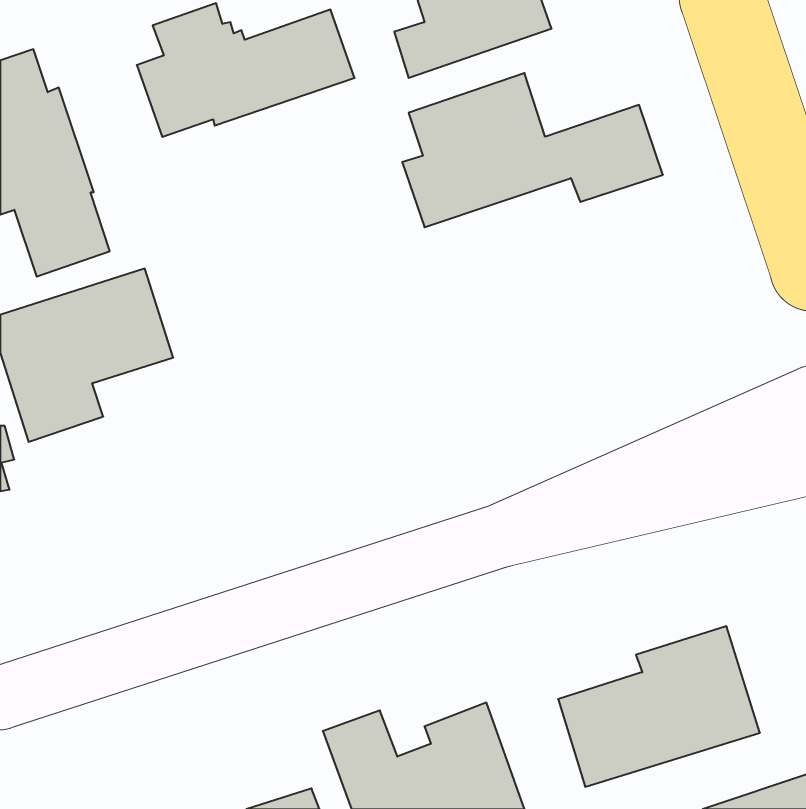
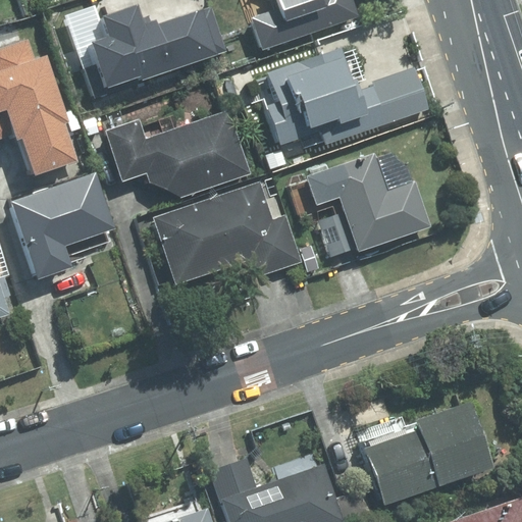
building: none -> [106,109,251,198]
building: none -> [305,151,431,250]
building: none -> [151,181,300,285]

